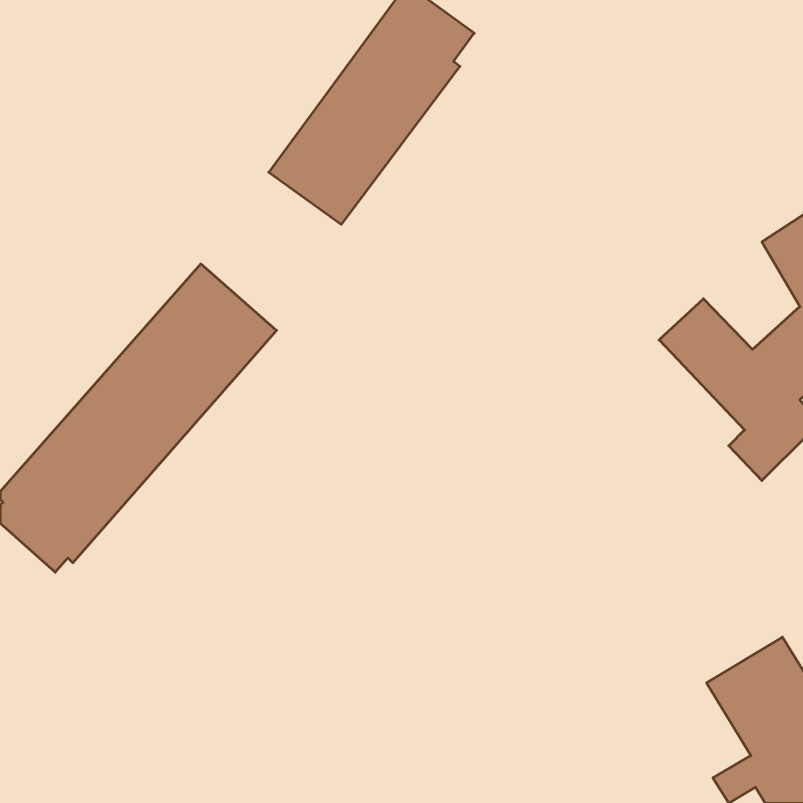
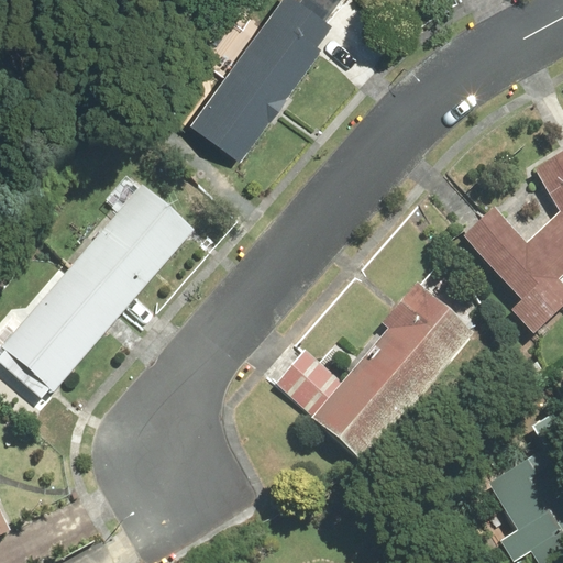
building: none -> [278,283,476,463]

